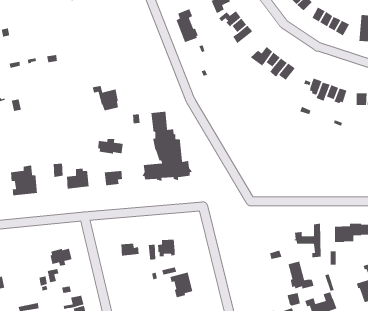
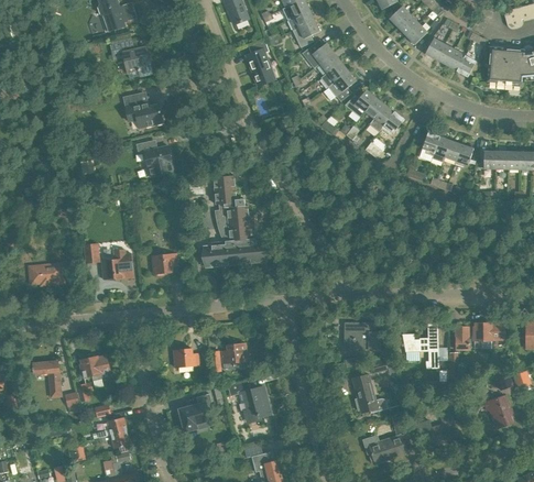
building: none -> [110,41,152,76]
building: none -> [328,70,357,101]
building: none -> [123,92,163,128]
building: [97,138,124,154] -> none
building: none -> [345,322,381,351]
building: none -> [33,360,61,396]
building: [287,260,315,290] -> [352,374,389,413]
building: none -> [179,393,214,430]

